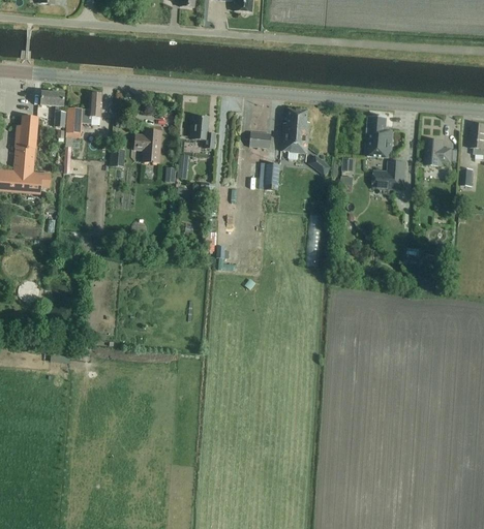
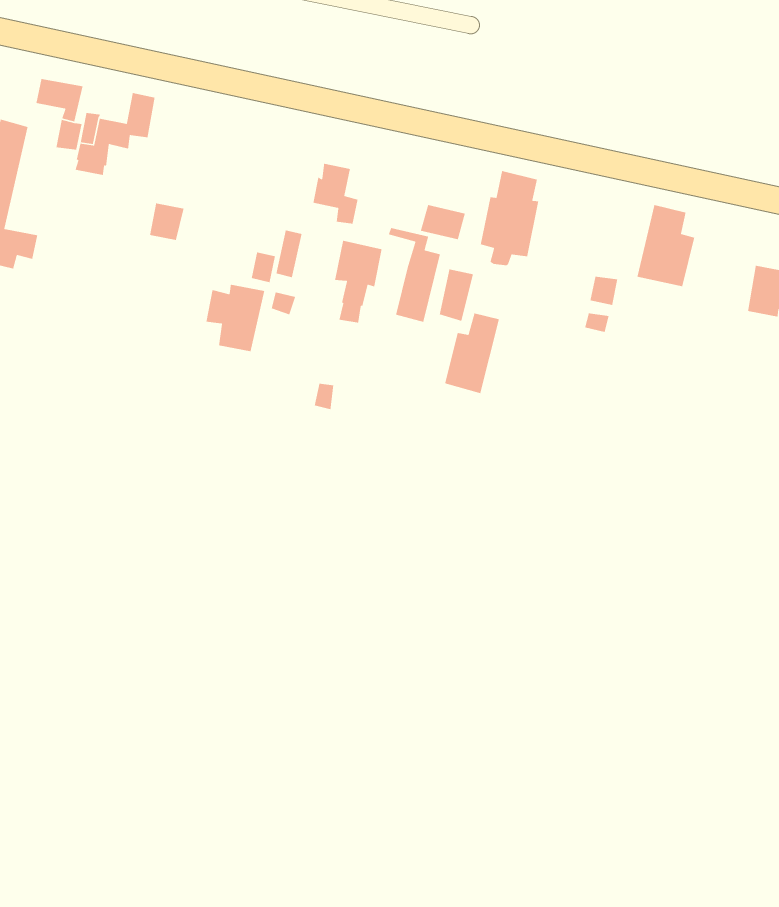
building: [133,128,162,162] -> [205,284,265,352]
building: none -> [334,240,383,323]
building: [372,159,405,189] -> none
building: none -> [444,312,500,394]

